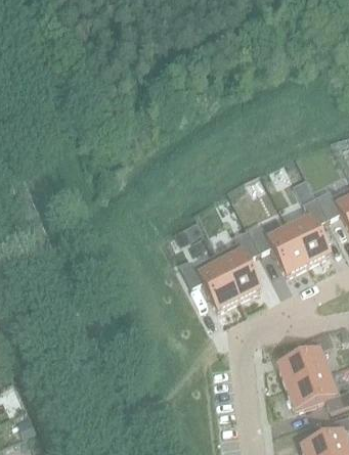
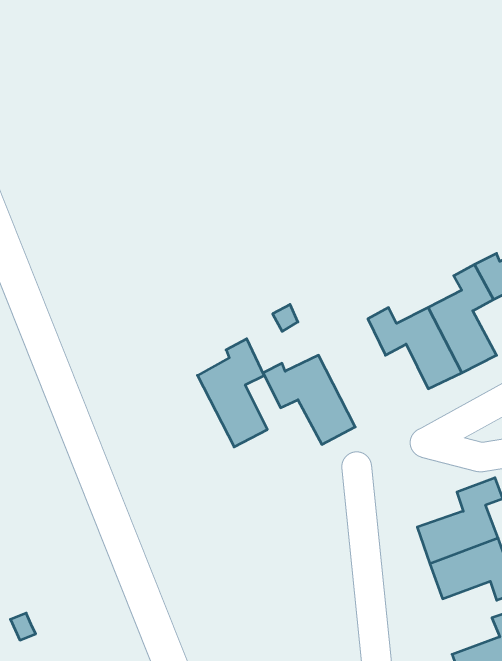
building: [215,230,260,300] -> [197,339,267,447]

